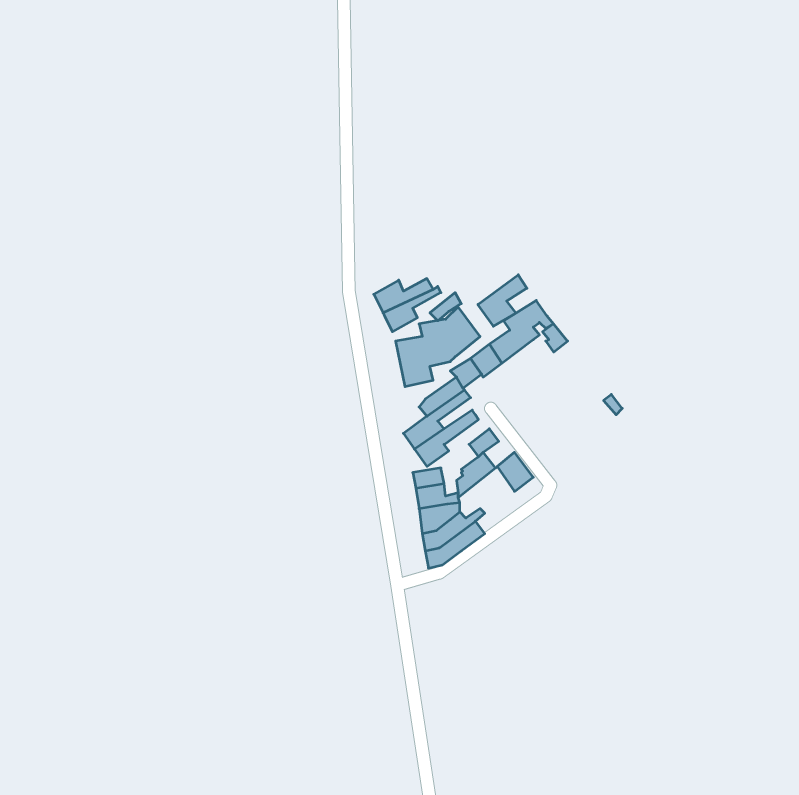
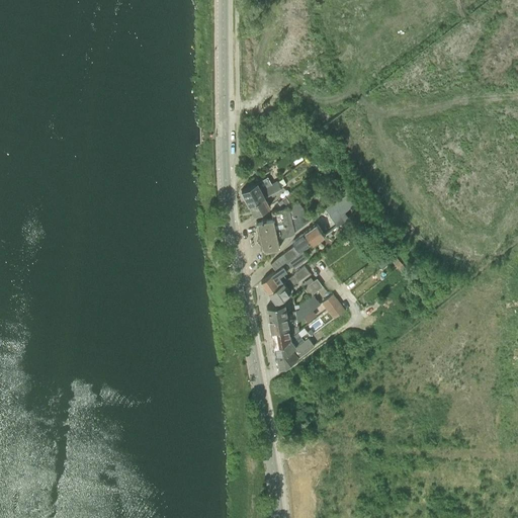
building: [478,275,527,326] -> none

